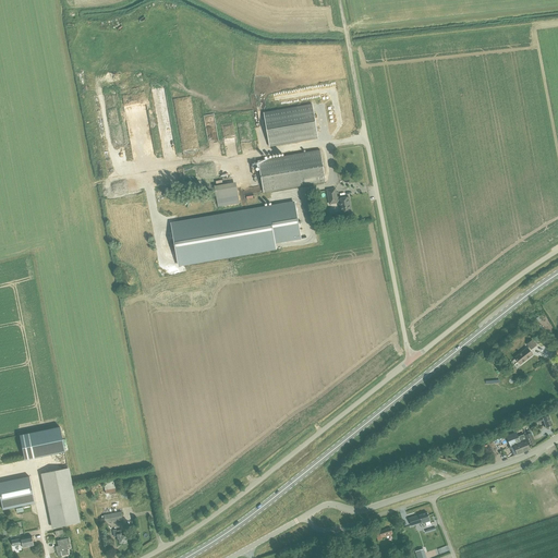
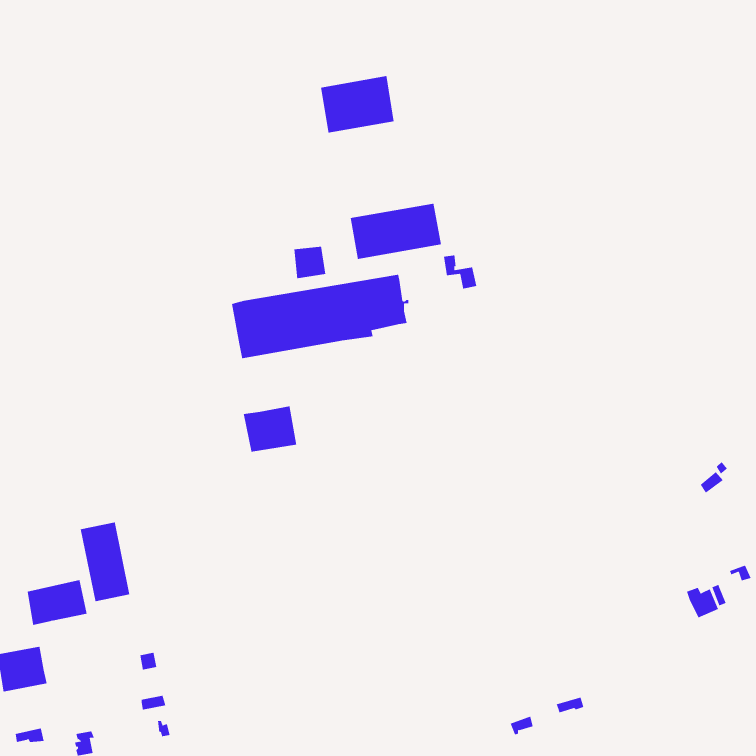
building: [263,104,317,146] -> [320,75,394,133]
building: none -> [243,406,297,453]
building: [41,468,78,526] -> [80,522,130,602]

